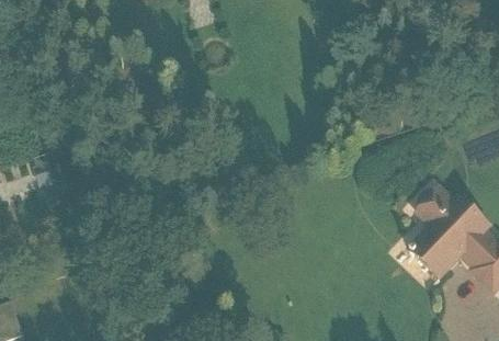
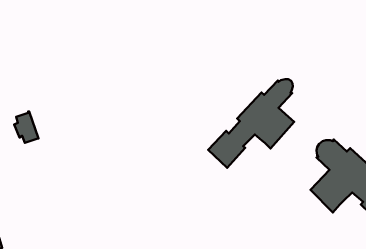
building: none -> [208,79,294,168]

